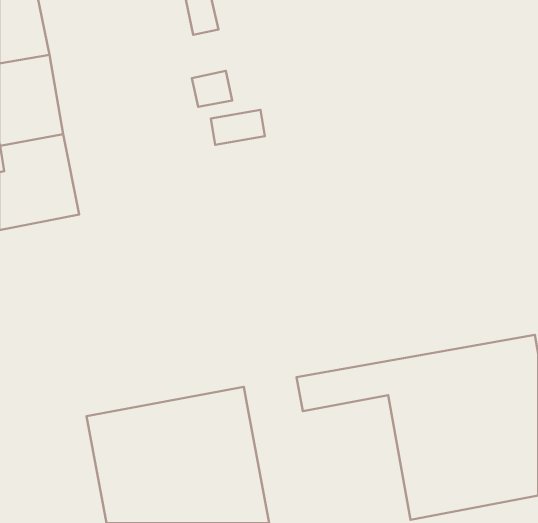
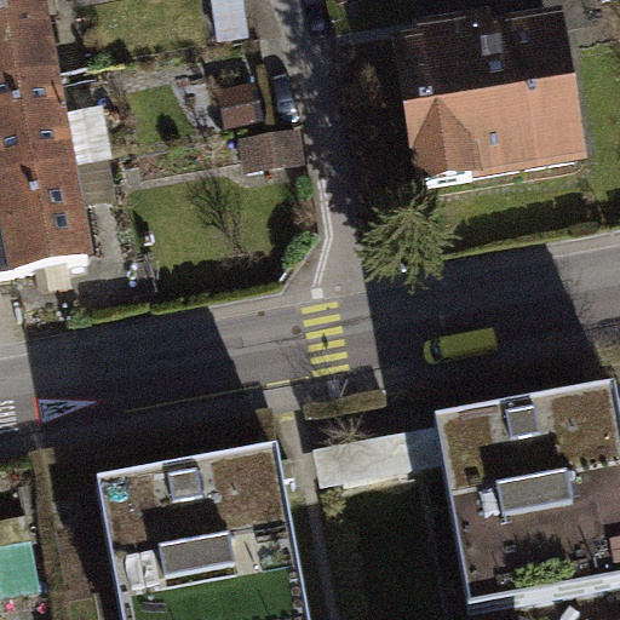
building: none -> [385,15,579,190]

